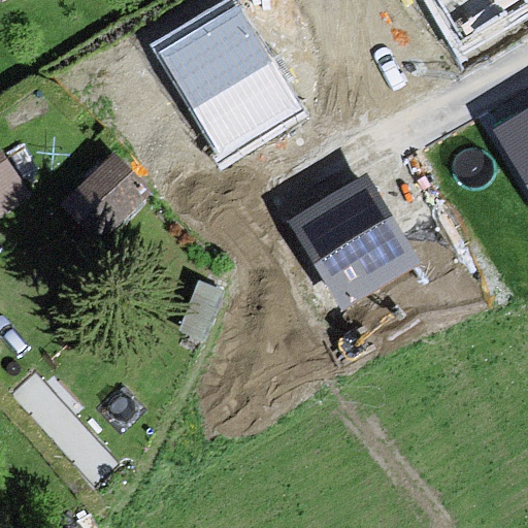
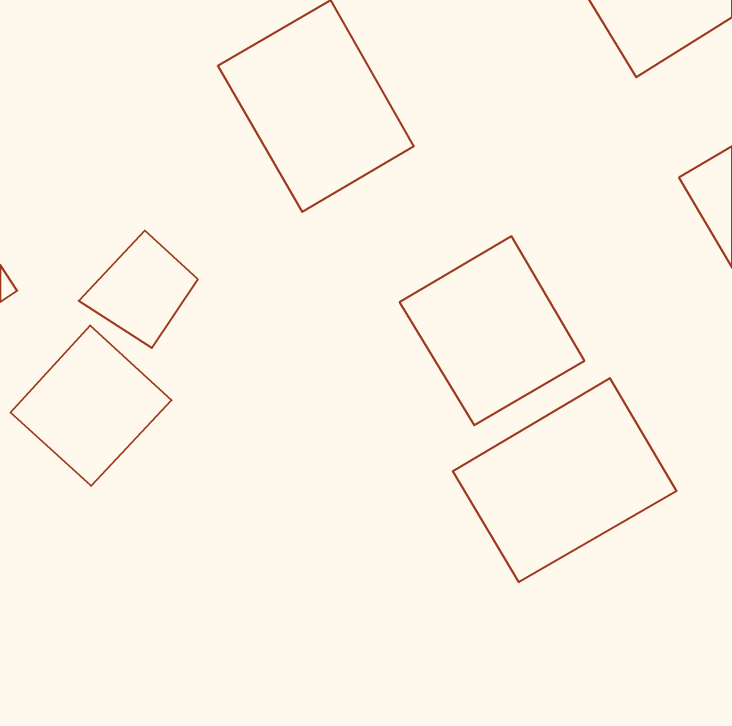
building: none -> [11,325,172,486]
building: none -> [453,378,677,582]

